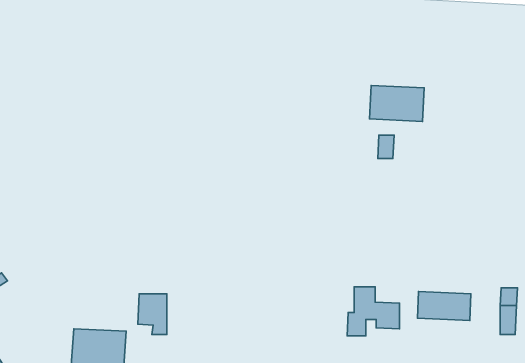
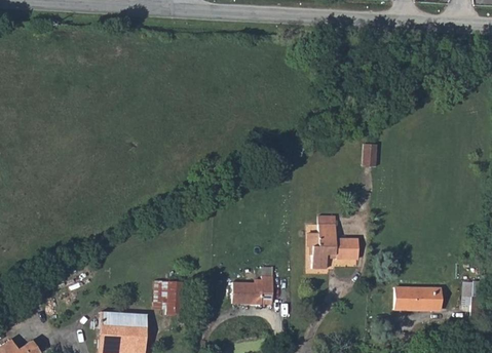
building: [369,85,424,122] -> none
building: none -> [232,277,273,305]
building: [347,287,399,336] -> [312,223,358,266]

